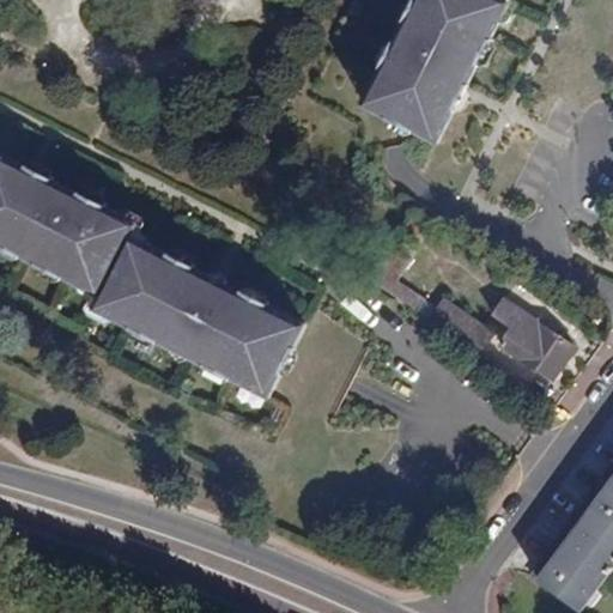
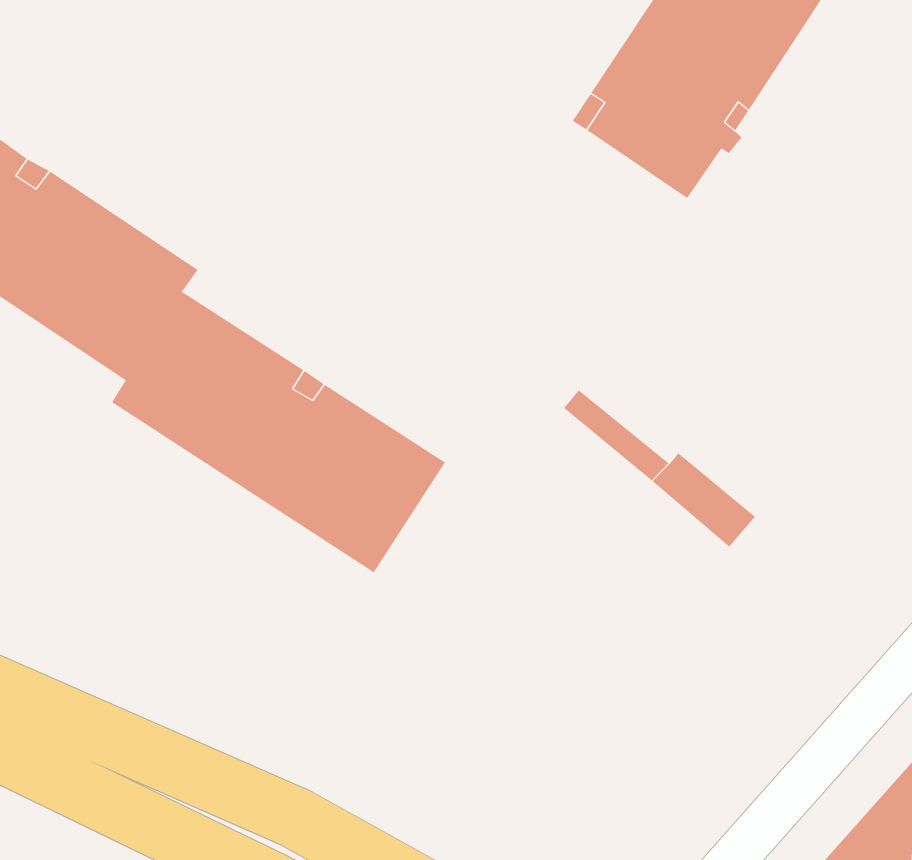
building: [500,316,575,384] -> none

